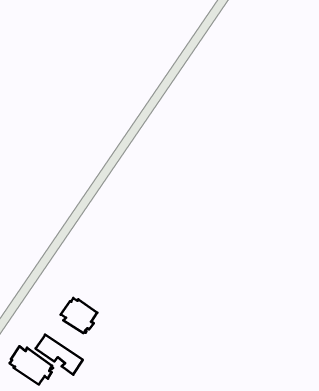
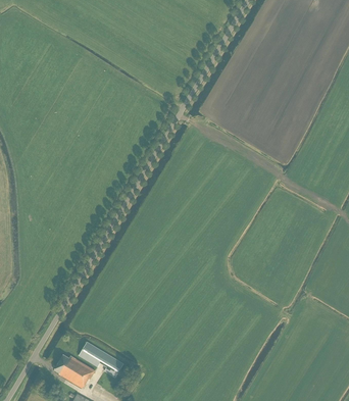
building: [61,298,97,333] -> none

